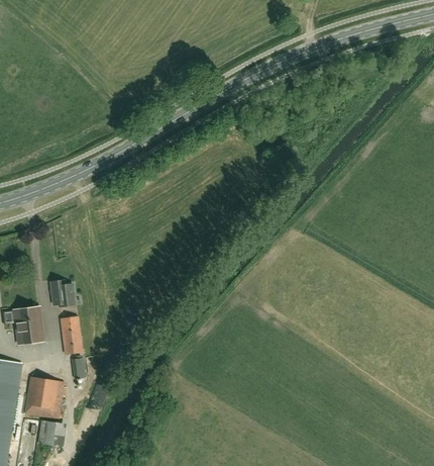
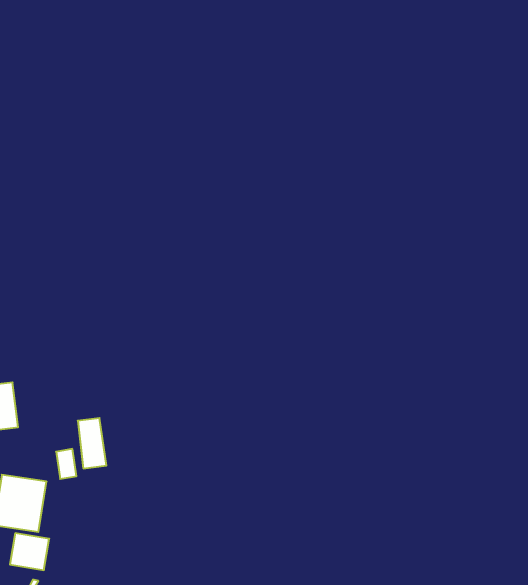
building: [50,281,75,306] -> none
building: [62,316,83,354] -> [78,418,106,468]

